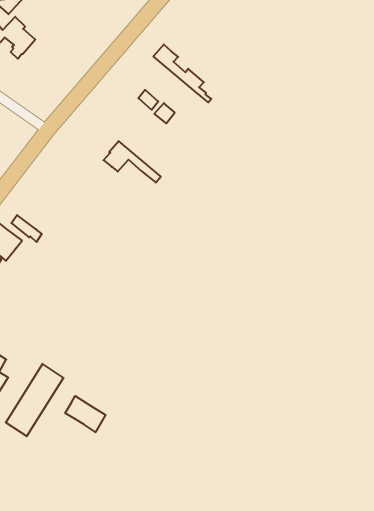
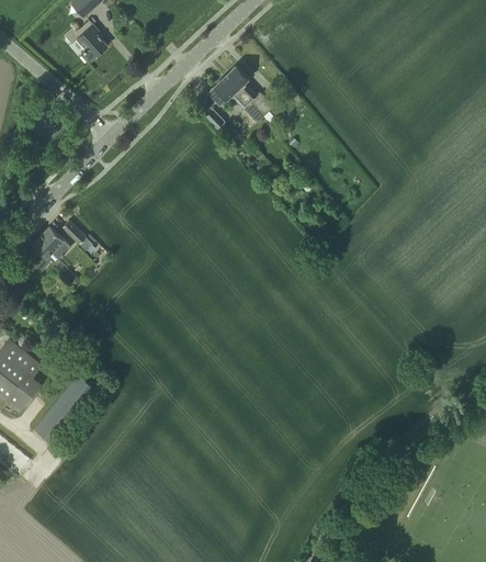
building: [103,141,161,183] -> [207,76,263,122]
building: [65,396,105,432] -> none

